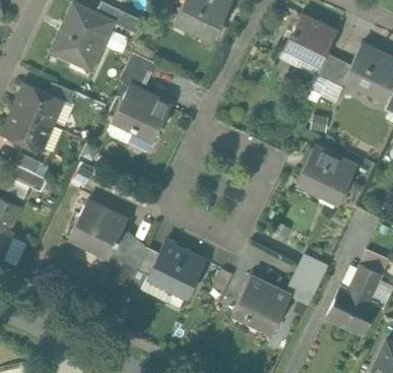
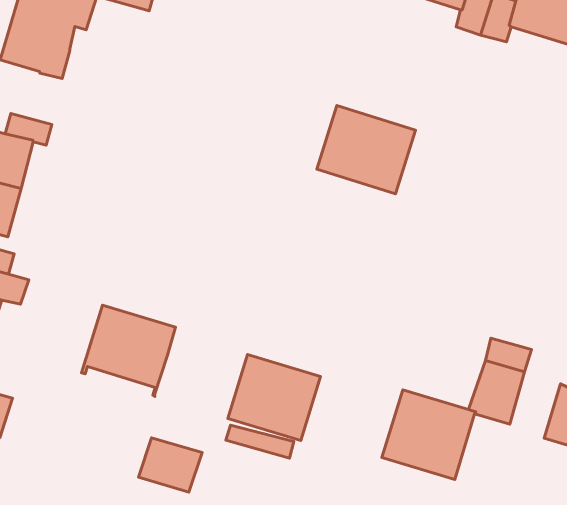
building: [122,52,154,85] -> none
building: [114,85,171,138] -> none
building: [297,146,356,202] -> [317,105,416,194]
building: [109,235,147,269] -> [138,438,202,492]

